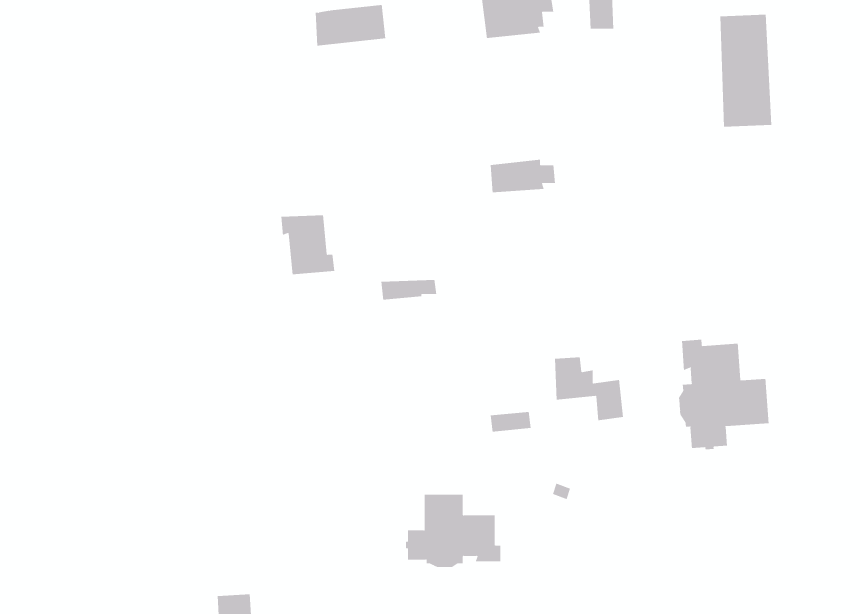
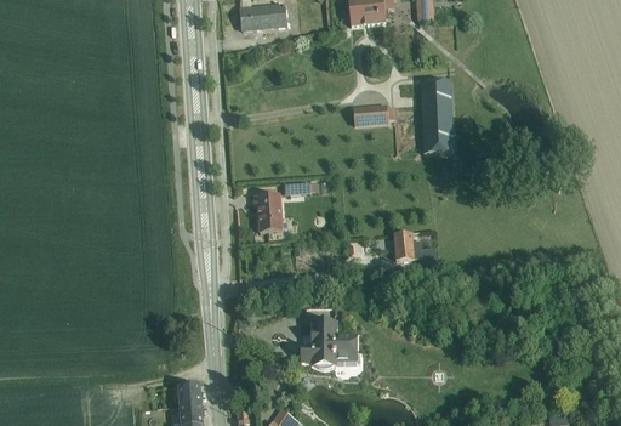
building: [719,14,772,127] -> [420,79,454,152]
building: [280,215,335,275] -> [252,193,287,232]
building: [679,339,769,450] -> none

